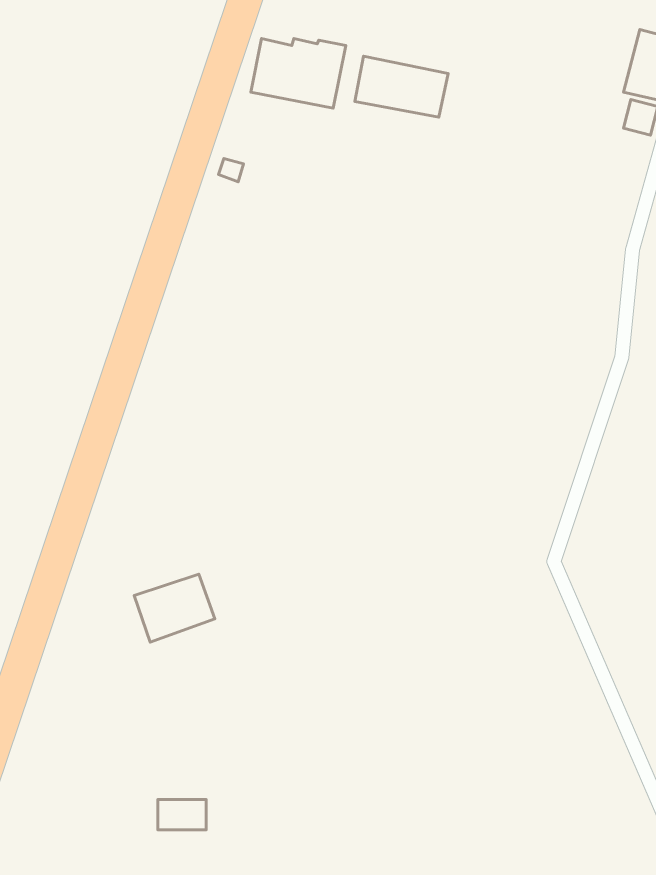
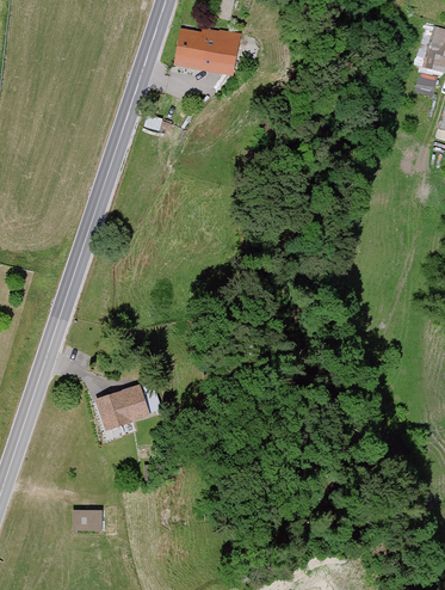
building: [355,56,448,117] -> none
building: [158,799,206,830] -> [72,510,104,530]

